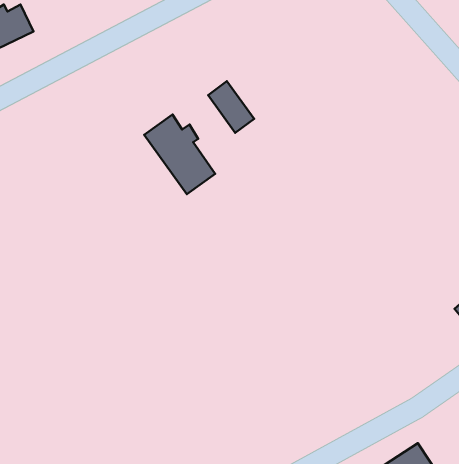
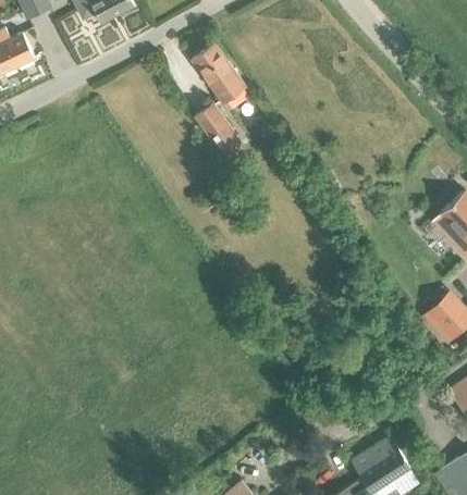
building: none -> [192,45,244,102]
building: [144,115,215,194] -> none

